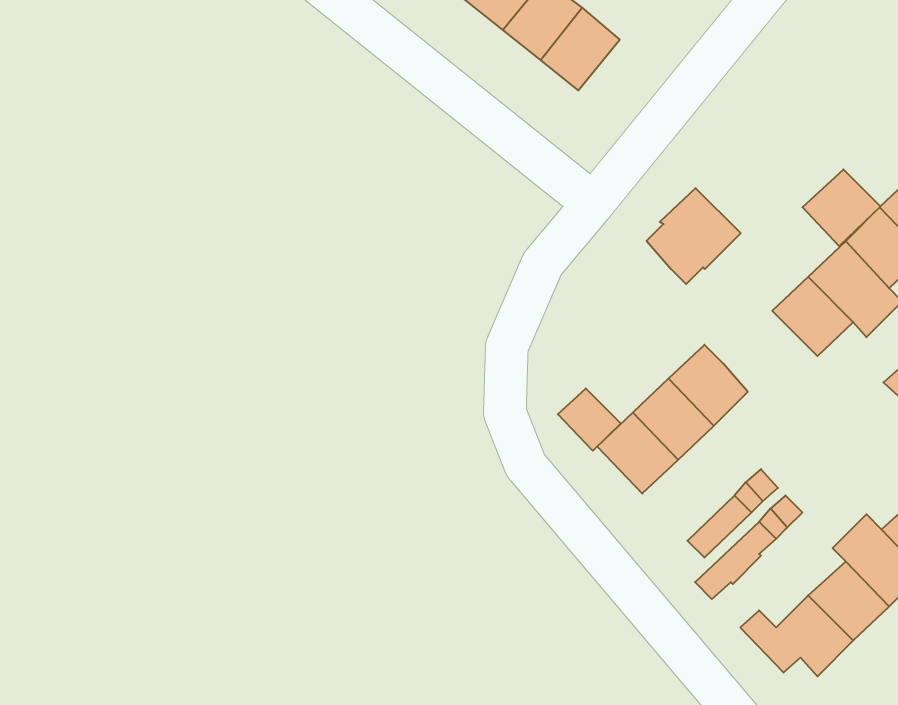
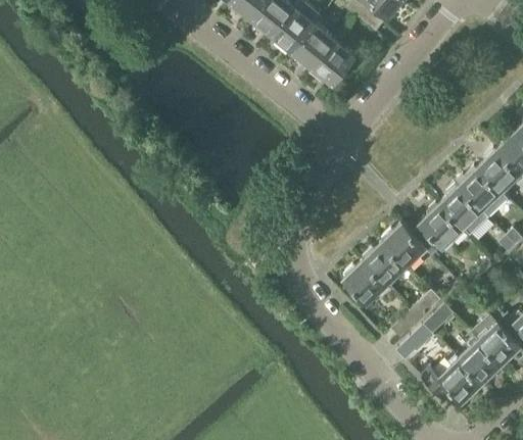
building: [802,169,880,246] -> none
building: [647,188,741,284] -> [412,205,463,257]
building: [558,388,621,451] -> none

